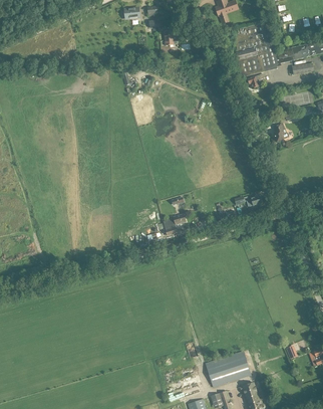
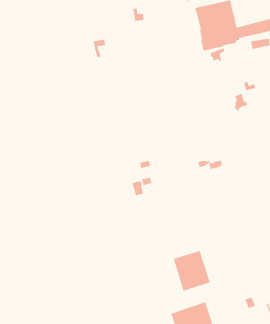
building: none -> [173,250,211,292]

